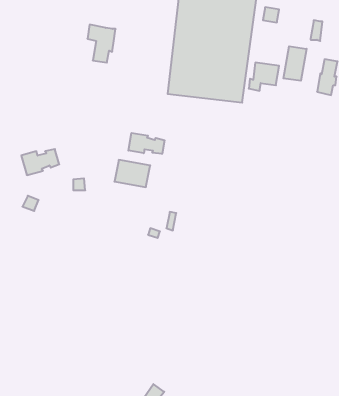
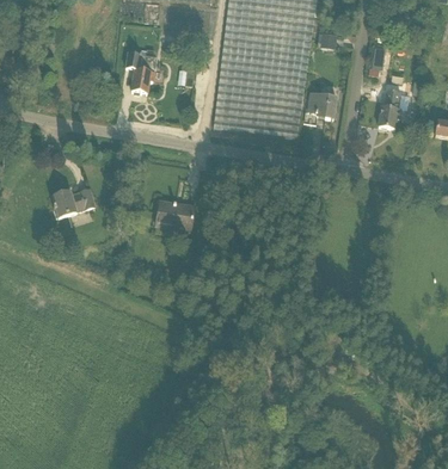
building: [283,46,307,81] -> none
building: [128,133,165,154] -> none

